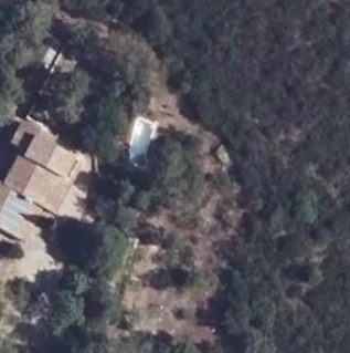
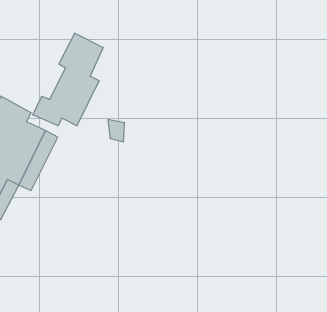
building: none -> [33,33,103,126]

